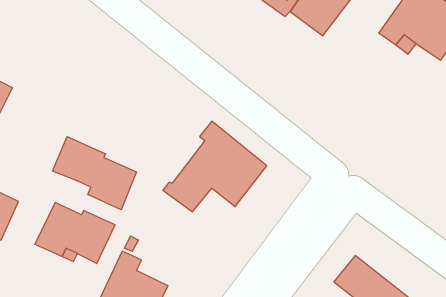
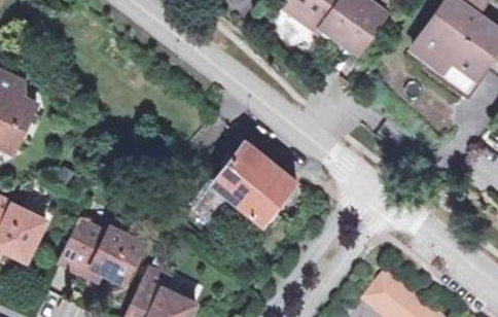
building: [52,137,136,210] -> none

